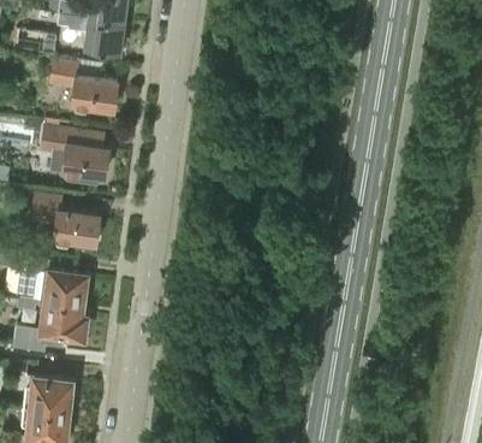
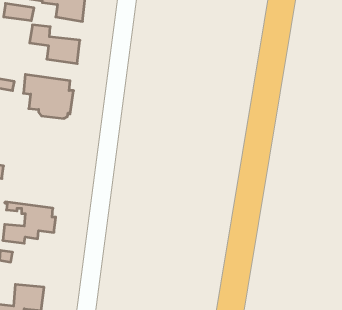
building: [32,193,100,244] -> none
building: [18,259,85,305] -> none
building: [31,377,72,410] -> none

